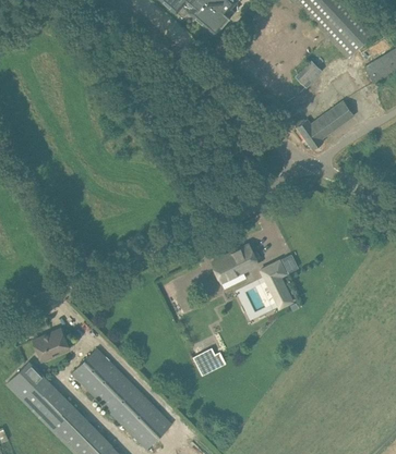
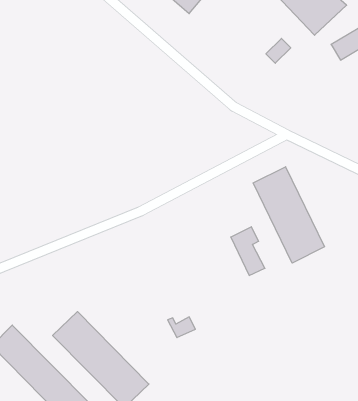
building: [290,99,355,149] -> none
building: none -> [253,167,325,263]
building: [212,244,257,281] -> none
building: [33,327,70,360] -> none

